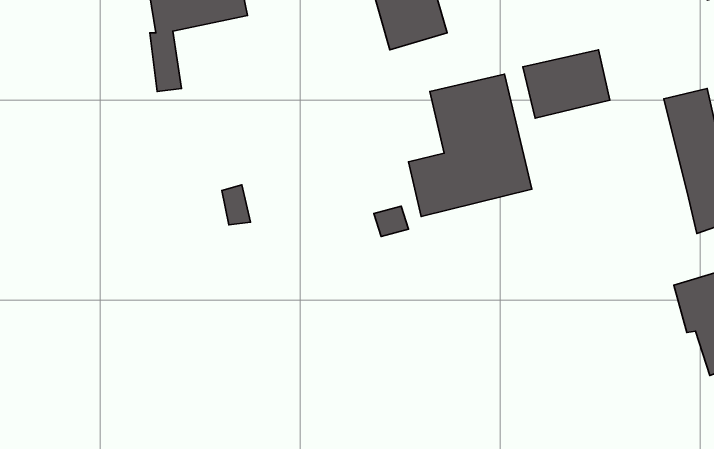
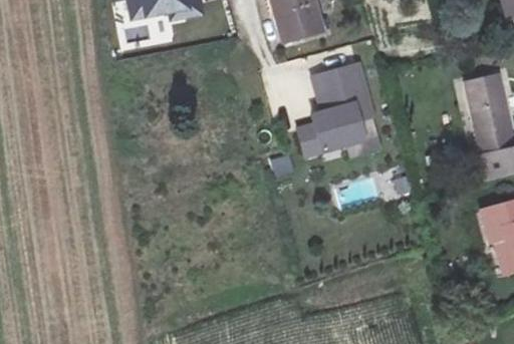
building: [523,50,610,118] -> none

